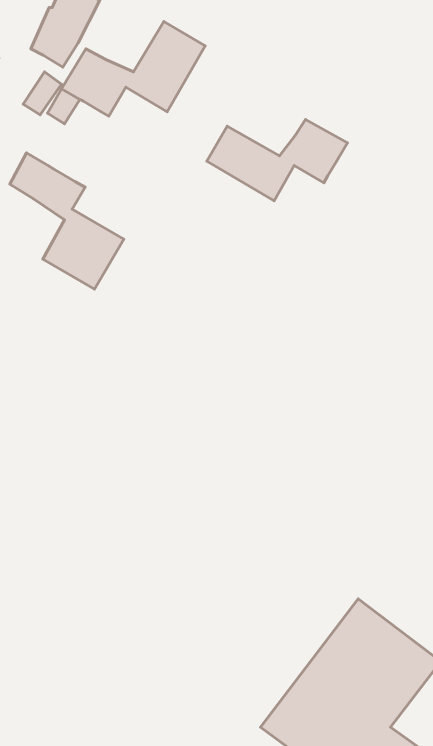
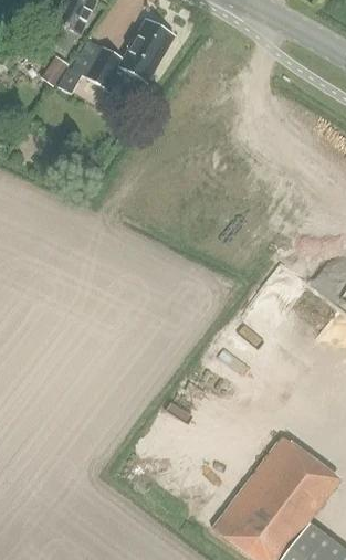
building: [207,120,347,201] -> none
building: [10,153,124,289] -> none

